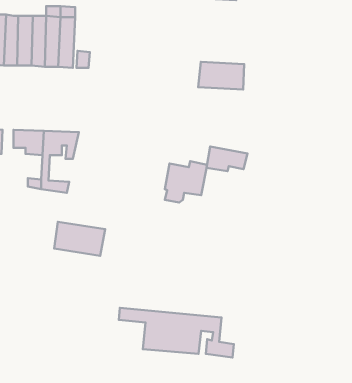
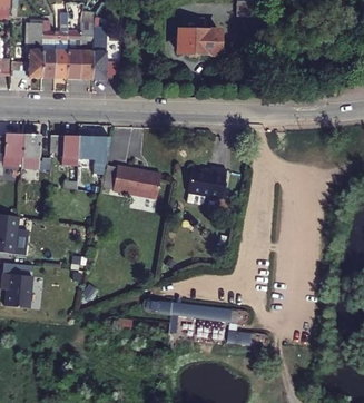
building: [198,62,244,90] -> [178,29,220,55]
building: [207,147,247,171] -> none
building: [54,222,105,256] -> [116,166,163,197]

